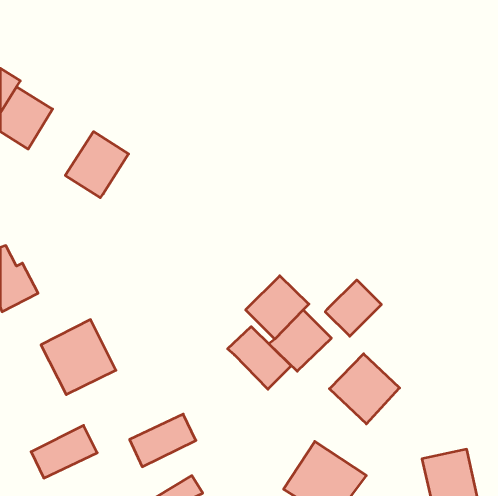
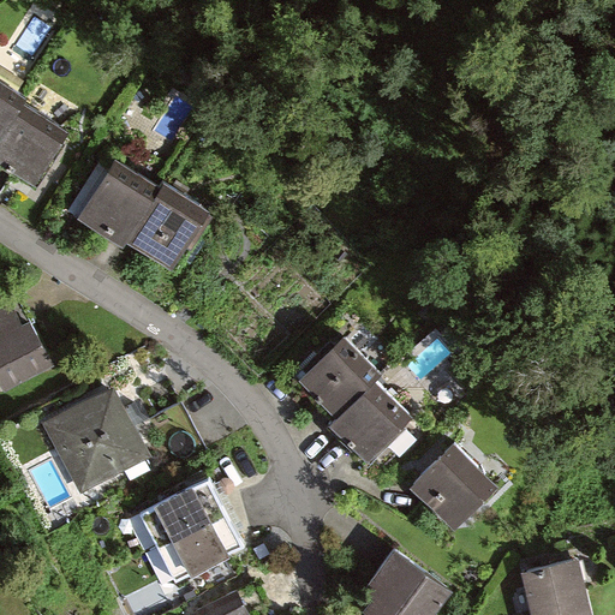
building: none -> [127,187,207,270]
building: [325,280,381,336] -> none
building: [228,327,291,389] -> none
building: [31,425,97,478] -> [144,479,226,544]

